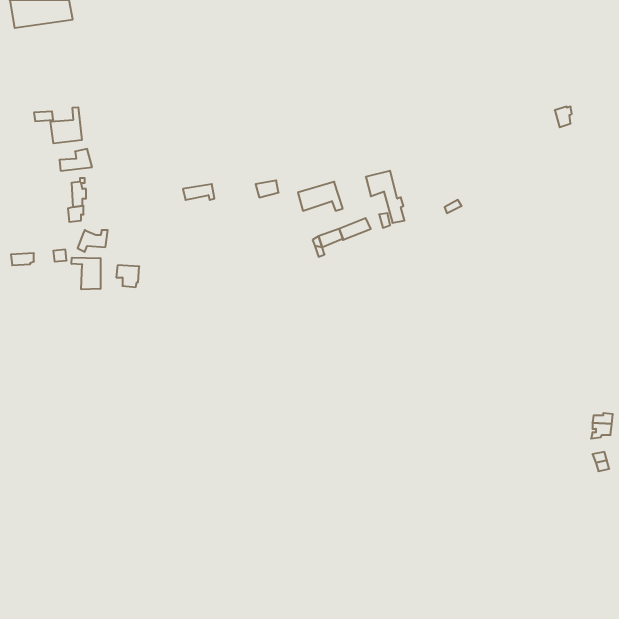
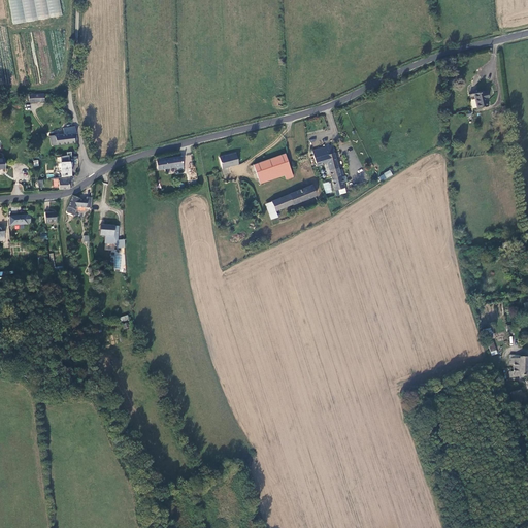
building: [50,107,82,143] -> none
building: [72,258,100,289] -> none

